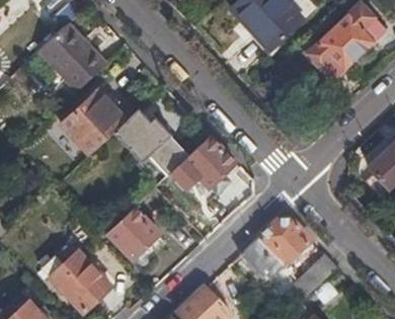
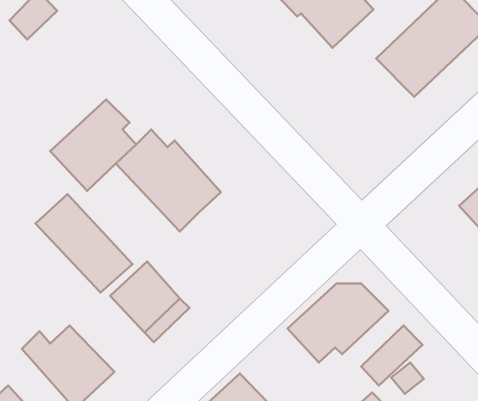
building: [32,20,107,88] -> none
building: [172,133,235,201] -> none
building: none -> [35,194,132,293]

